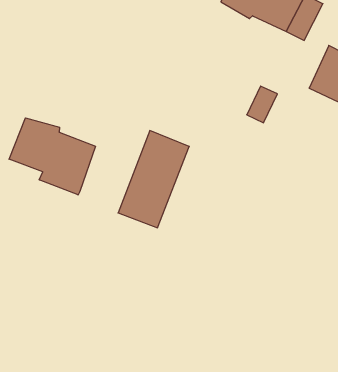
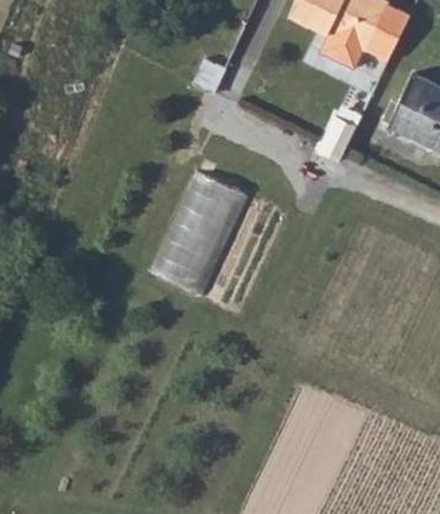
building: [9,118,96,195] -> none

